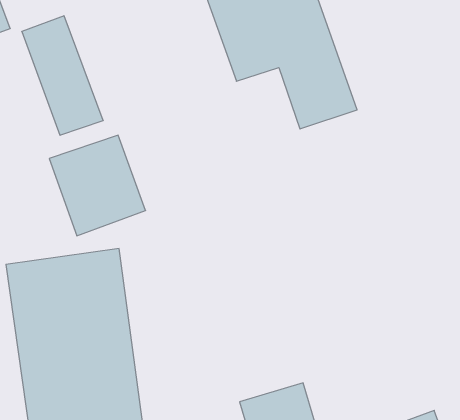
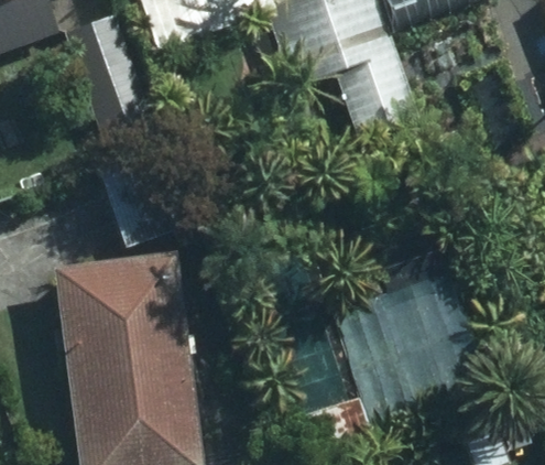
building: none -> [340,267,493,413]

